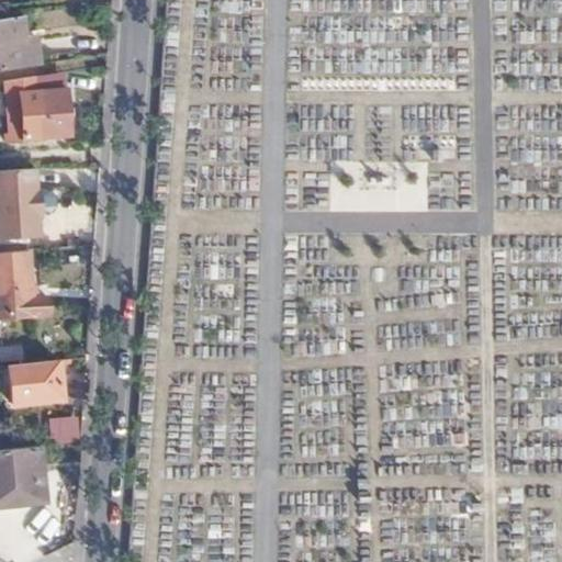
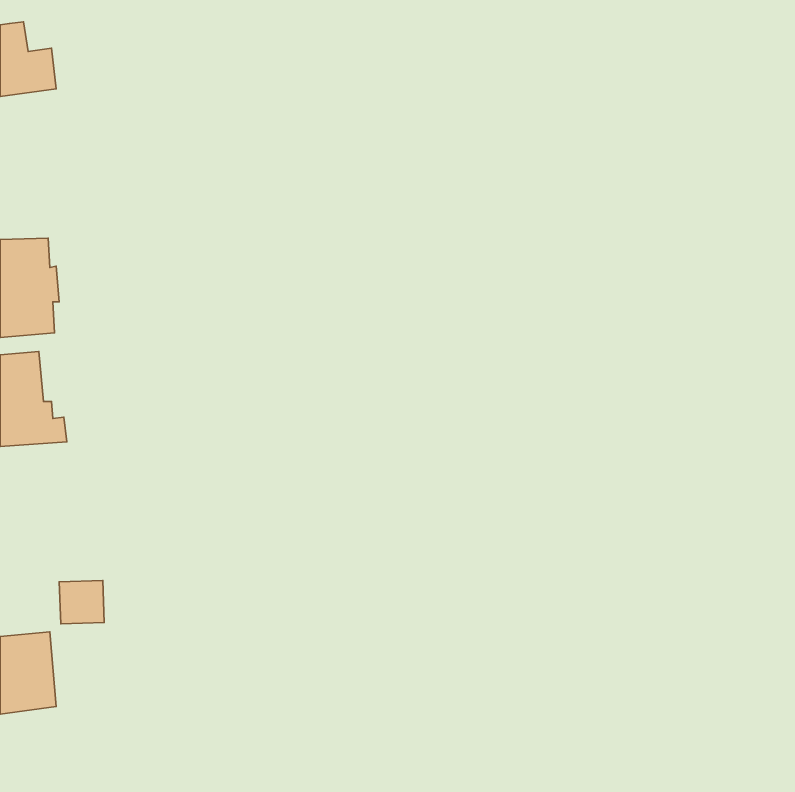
building: [4,78,67,140] -> none
building: [7,360,58,403] -> none

